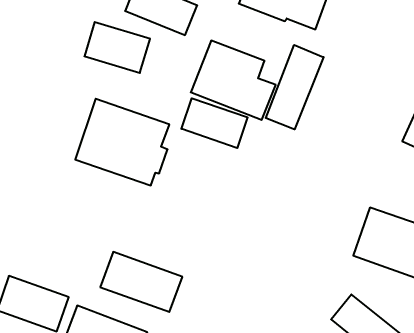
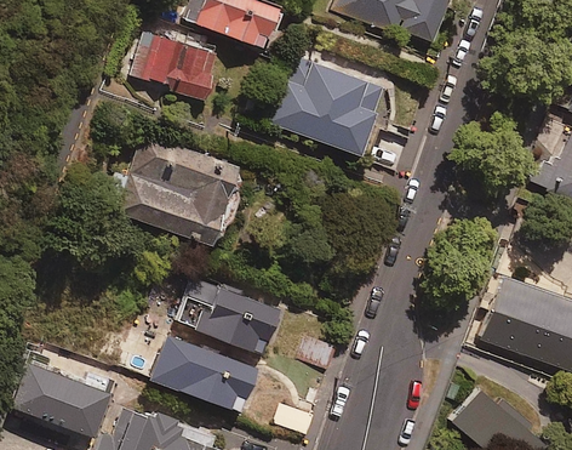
building: [266,45,324,129] -> none
building: [181,98,248,148] -> none
building: none -> [175,277,279,355]

